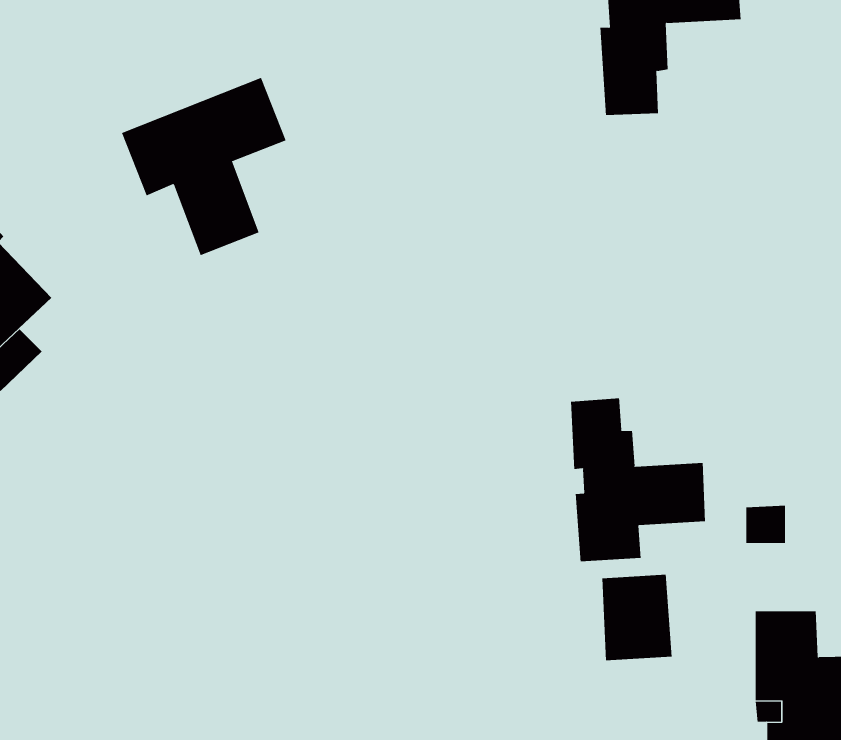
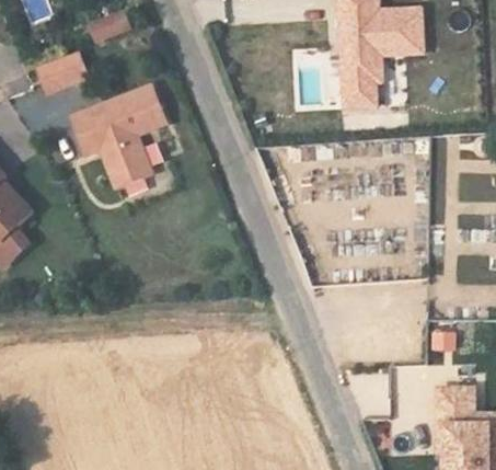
building: none -> [33,49,93,95]
building: [571,397,705,562] -> none

